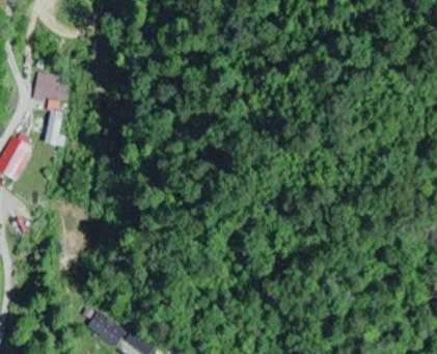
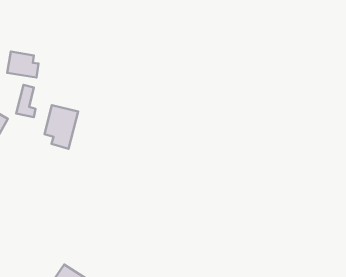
building: none -> [44,105,78,149]

